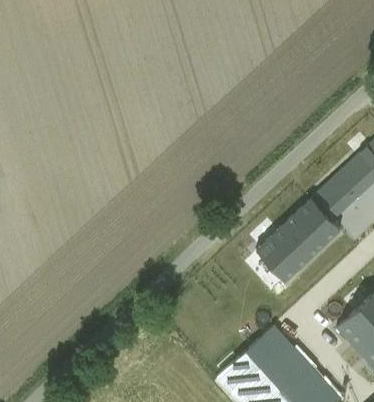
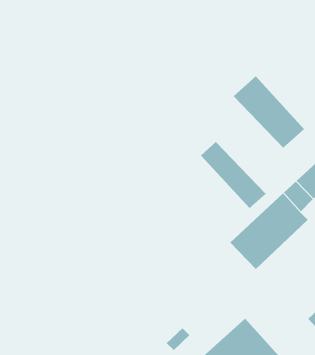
building: none -> [233,76,305,149]
building: none -> [200,141,266,209]

